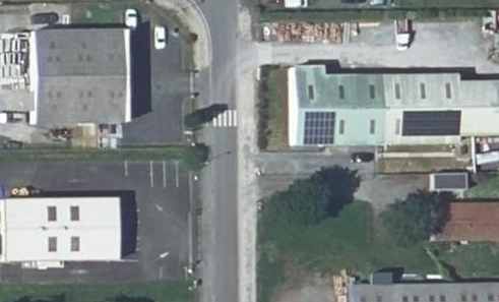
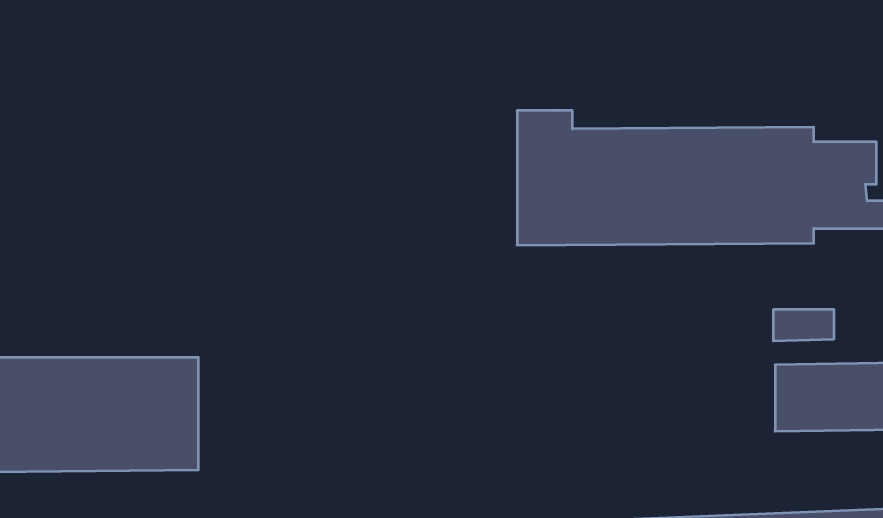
building: [32,32,125,124] -> none

